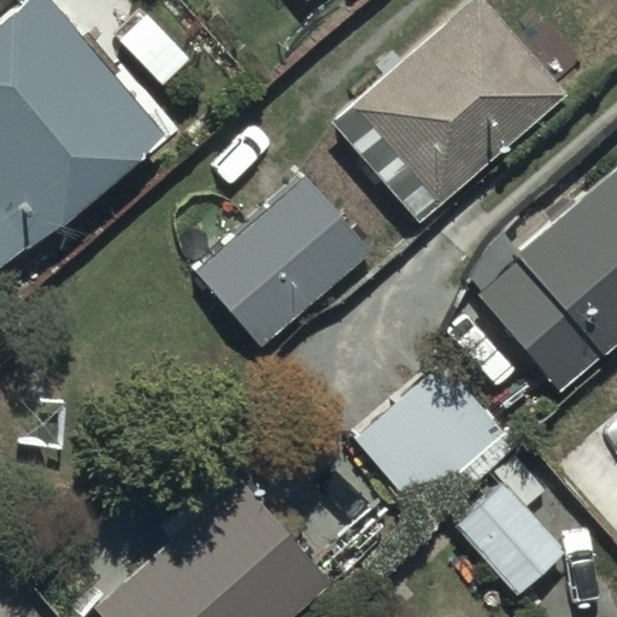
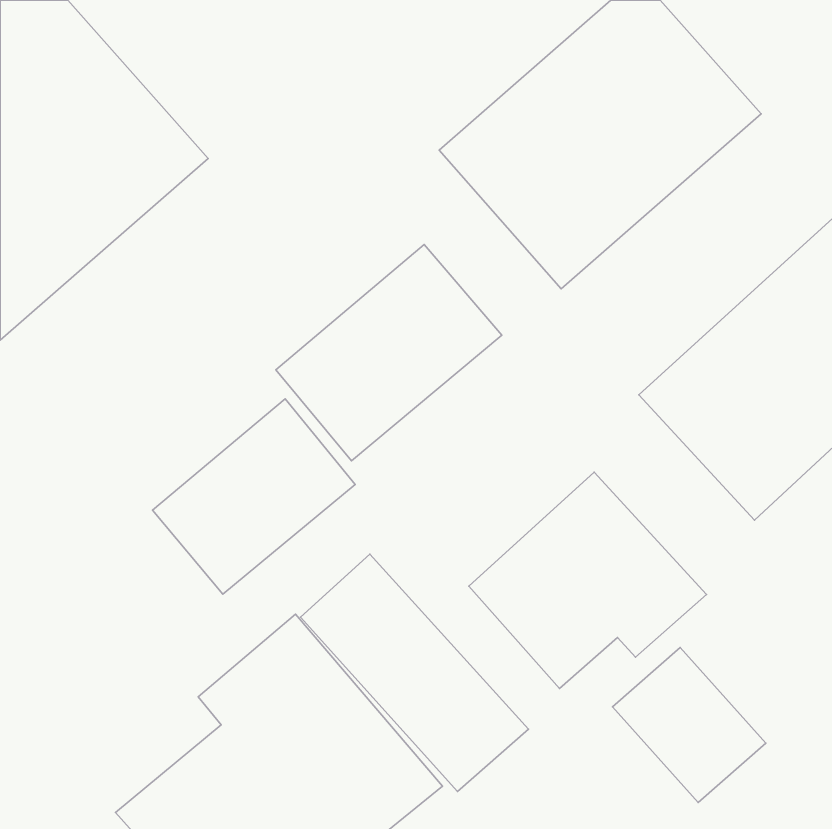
building: none -> [152,399,355,594]
building: none -> [300,554,529,791]

